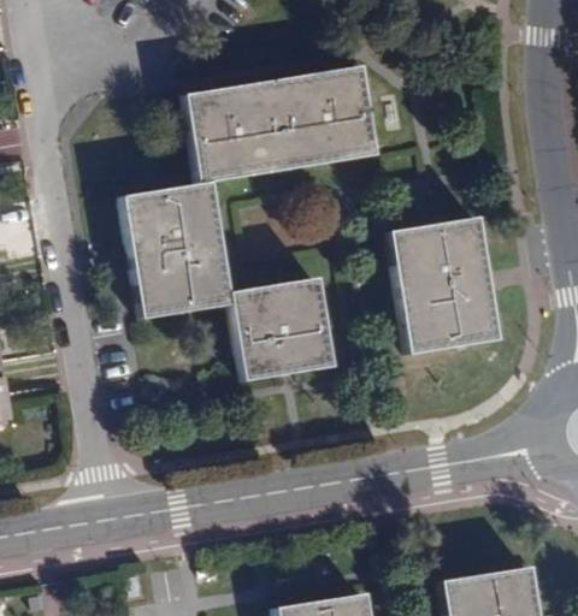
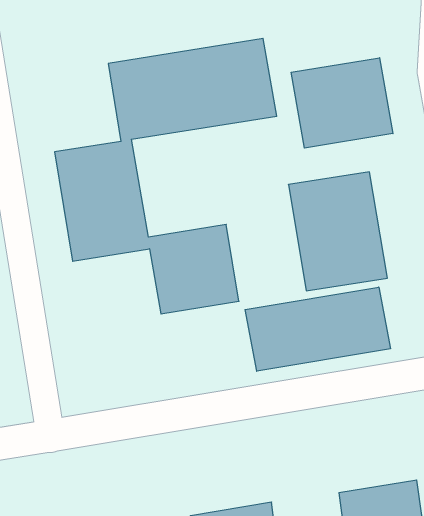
building: none -> [291,58,393,148]
building: none -> [245,287,390,371]

